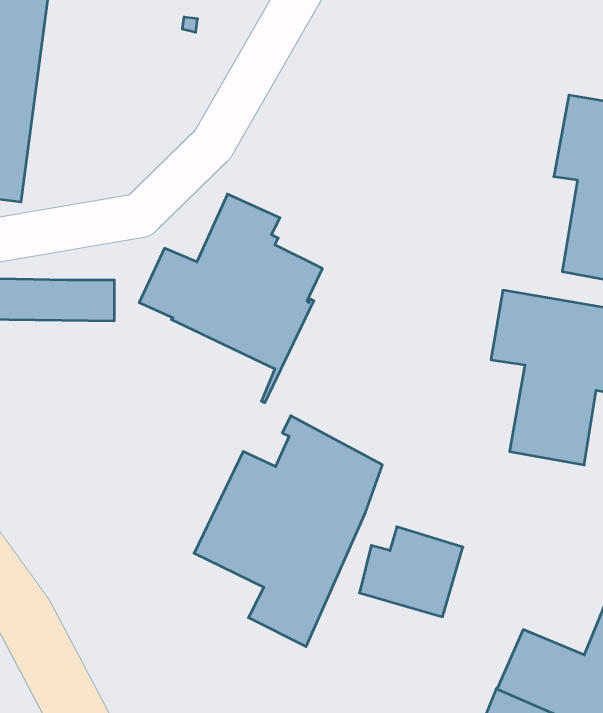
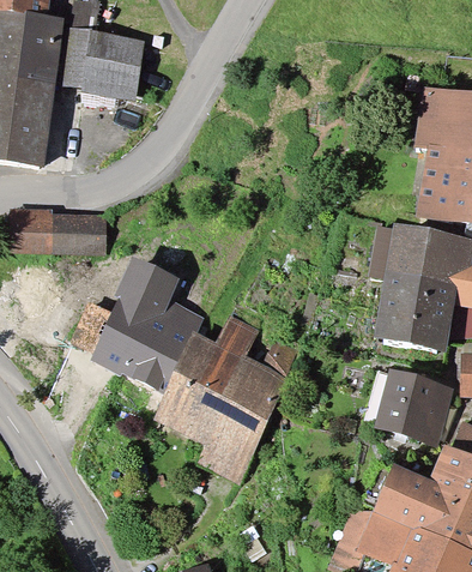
building: none -> [62,29,144,94]
building: [139,194,322,403] -> [73,265,202,413]
building: [359,527,463,617] -> [367,374,440,438]

